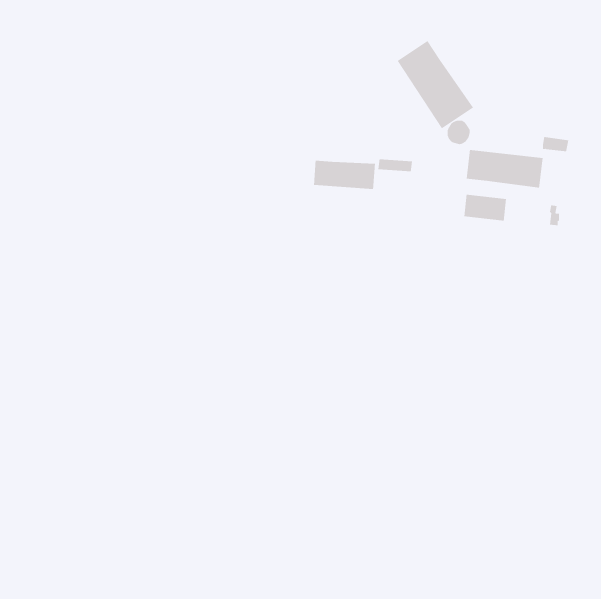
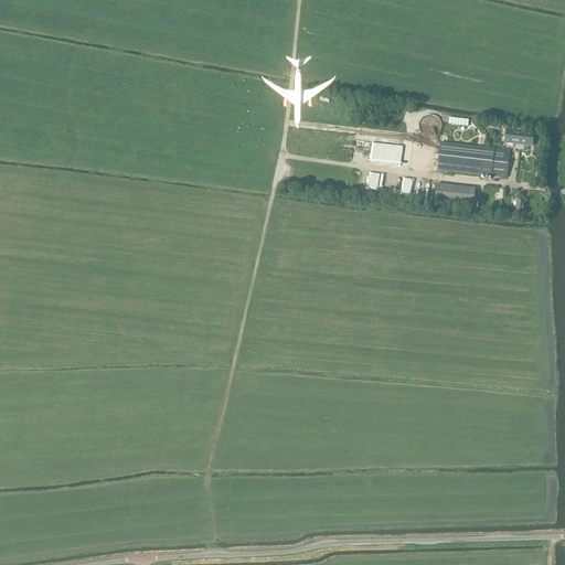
building: [397,40,474,129] -> none
building: [314,160,375,190] -> none

